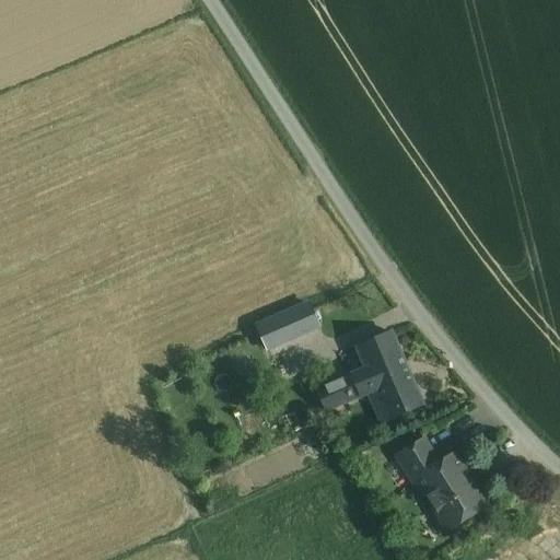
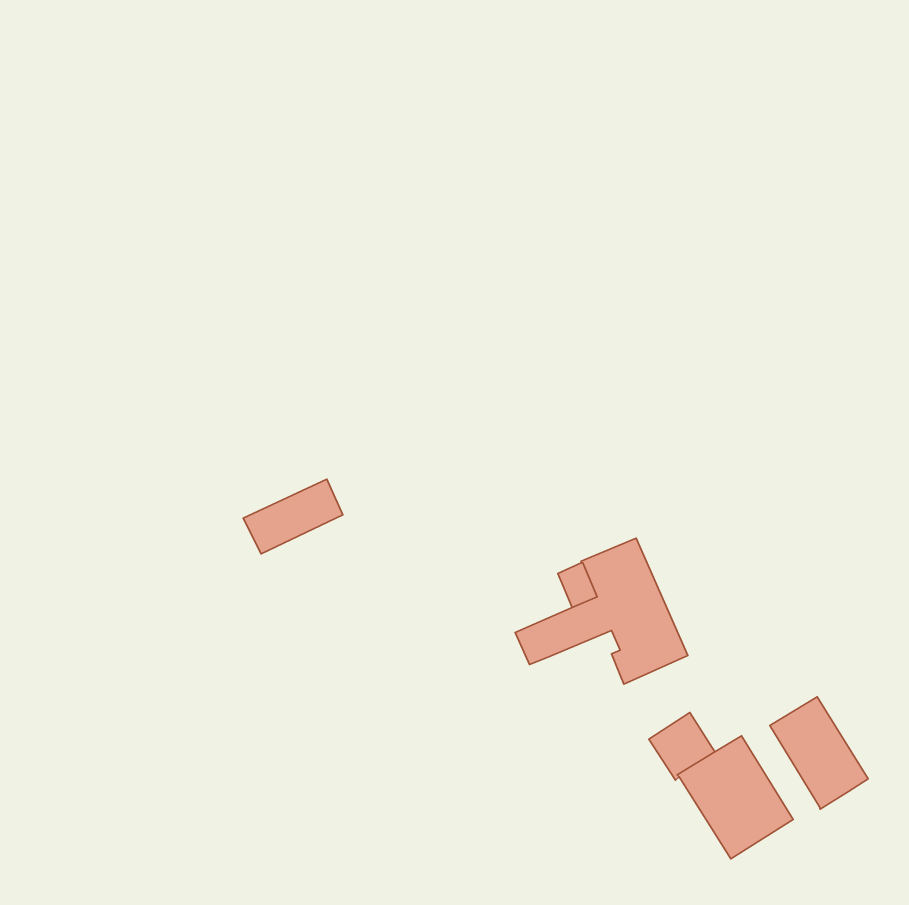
building: [257,305,318,351] -> [243,479,343,554]
building: none -> [770,697,868,809]

